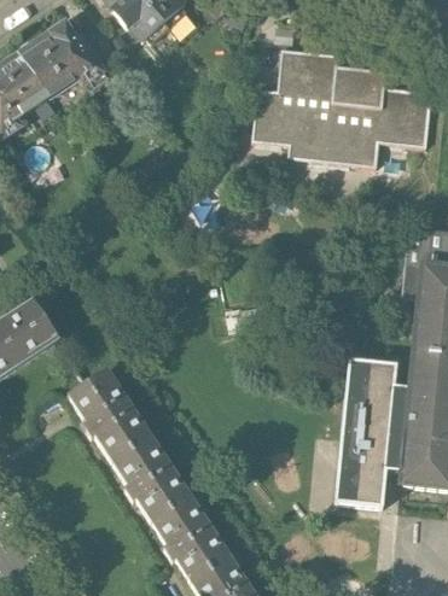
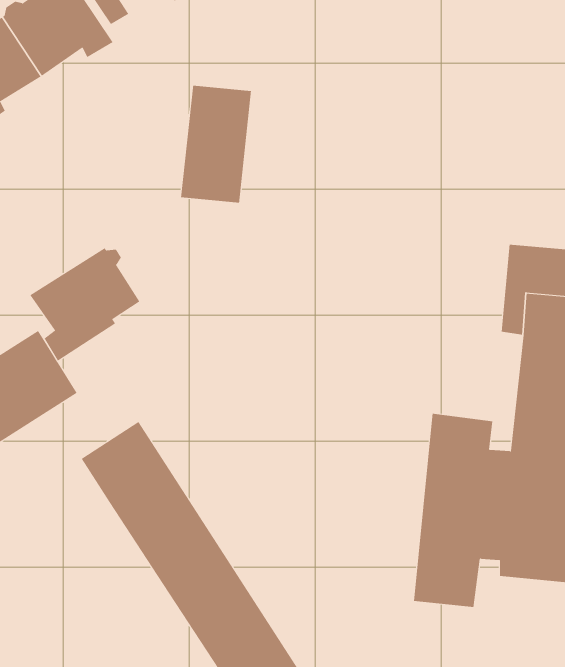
building: [246,52,426,170] -> none
building: none -> [181,85,252,204]
building: none -> [30,247,140,362]

